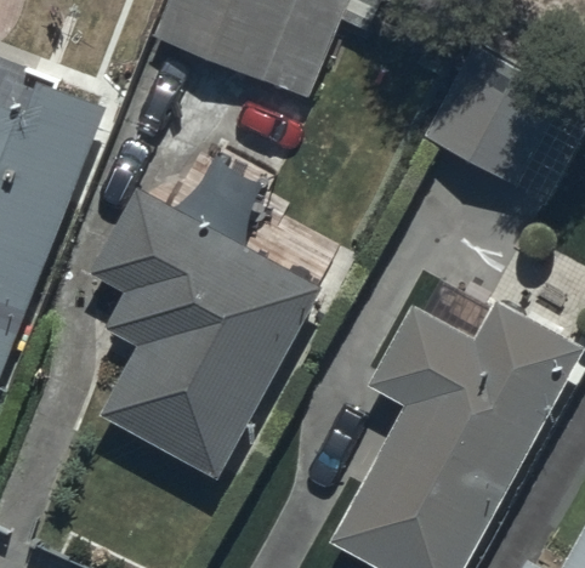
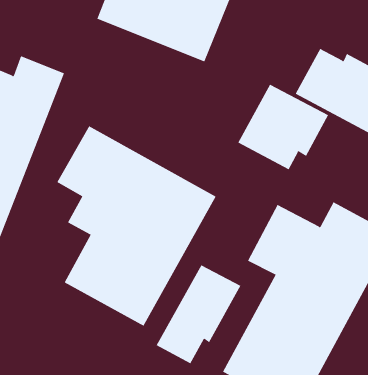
building: none -> [238,84,329,170]
building: none -> [156,264,241,364]

